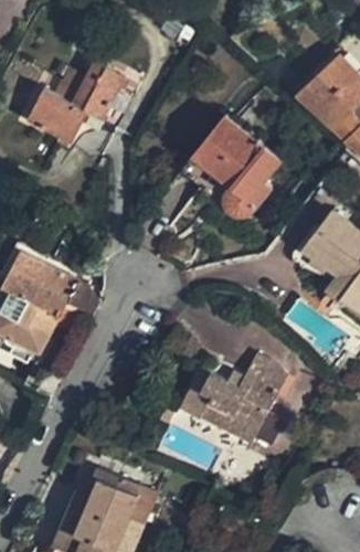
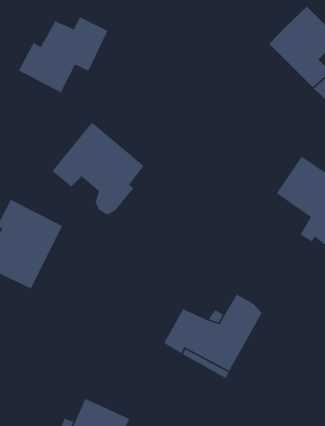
building: [182,117,282,217] -> [52,122,145,215]

